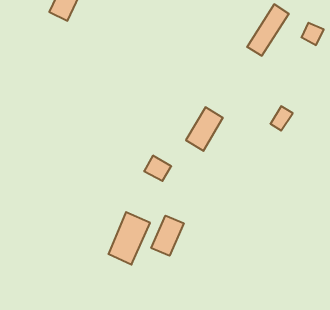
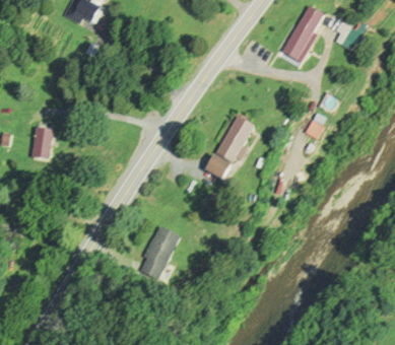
building: none -> [31,128,53,158]
building: [144,156,171,181] -> [207,153,236,180]
building: [151,216,184,256] -> none

